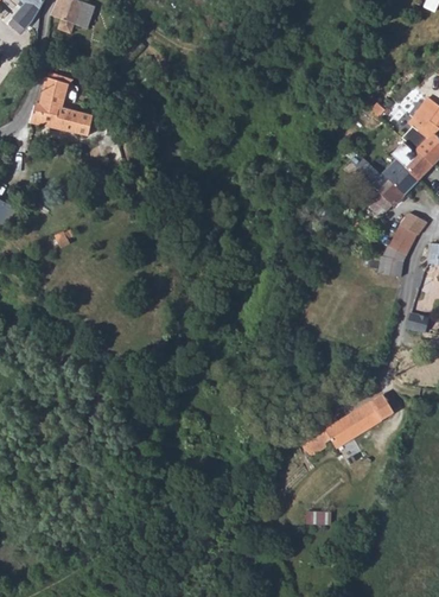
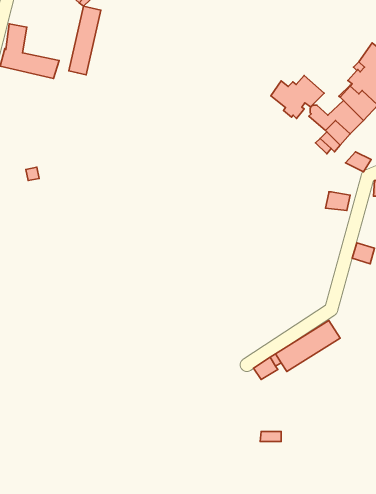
building: none -> [69,6,101,75]
building: none -> [271,76,324,118]
building: [383,224,418,259] -> none

